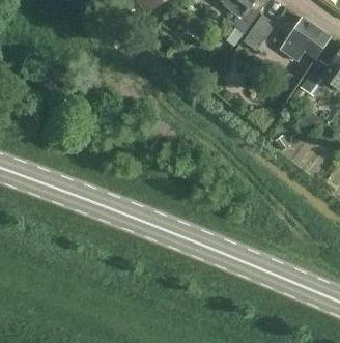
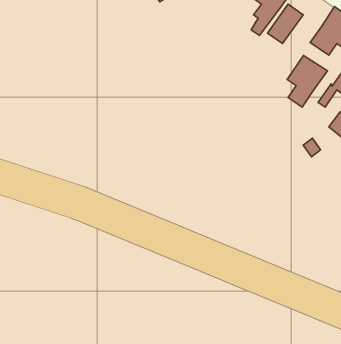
building: none -> [287,56,328,107]

